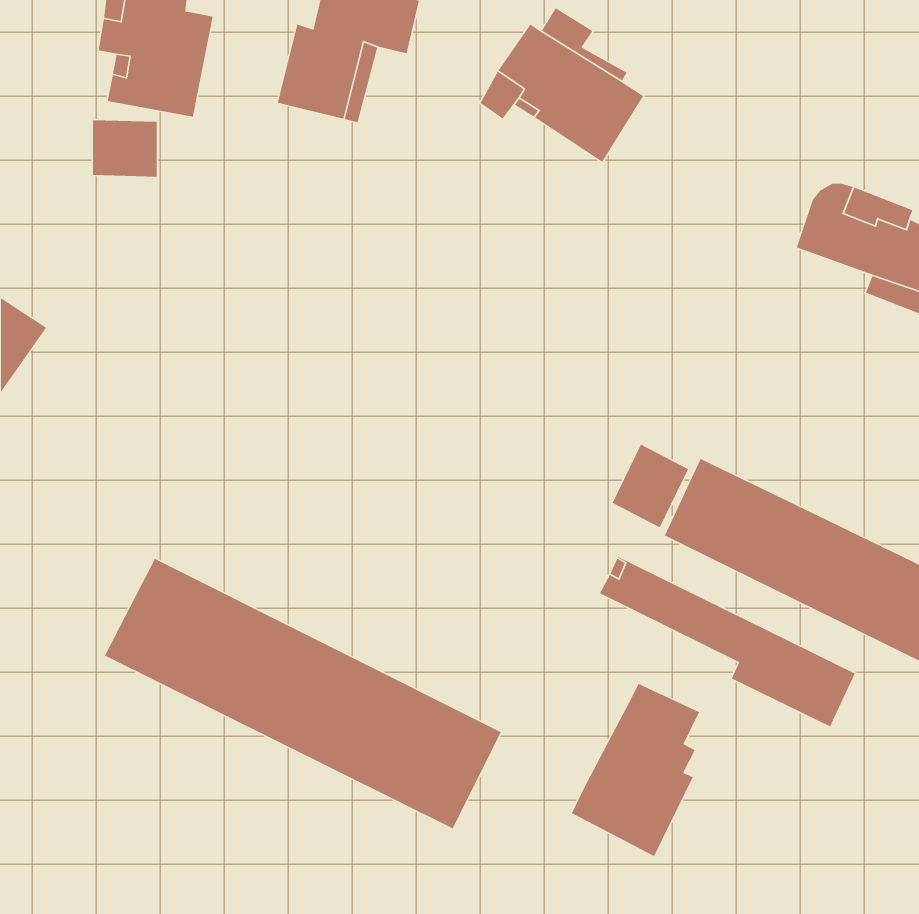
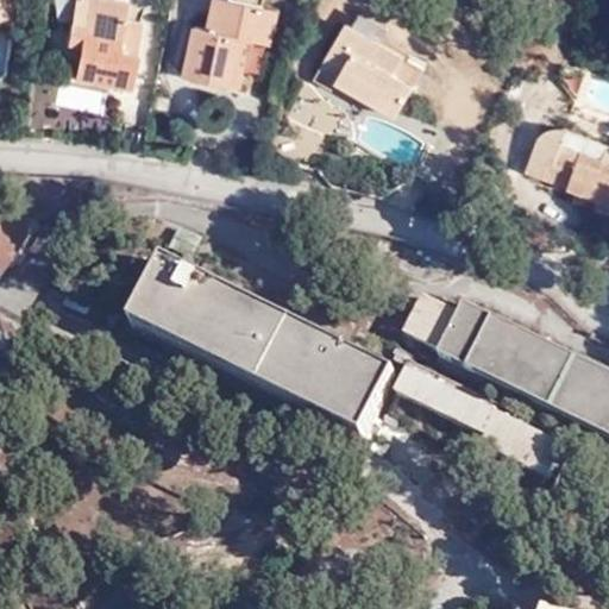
building: [104,558,502,829] -> [132,256,394,434]
building: [571,683,700,857] -> none

